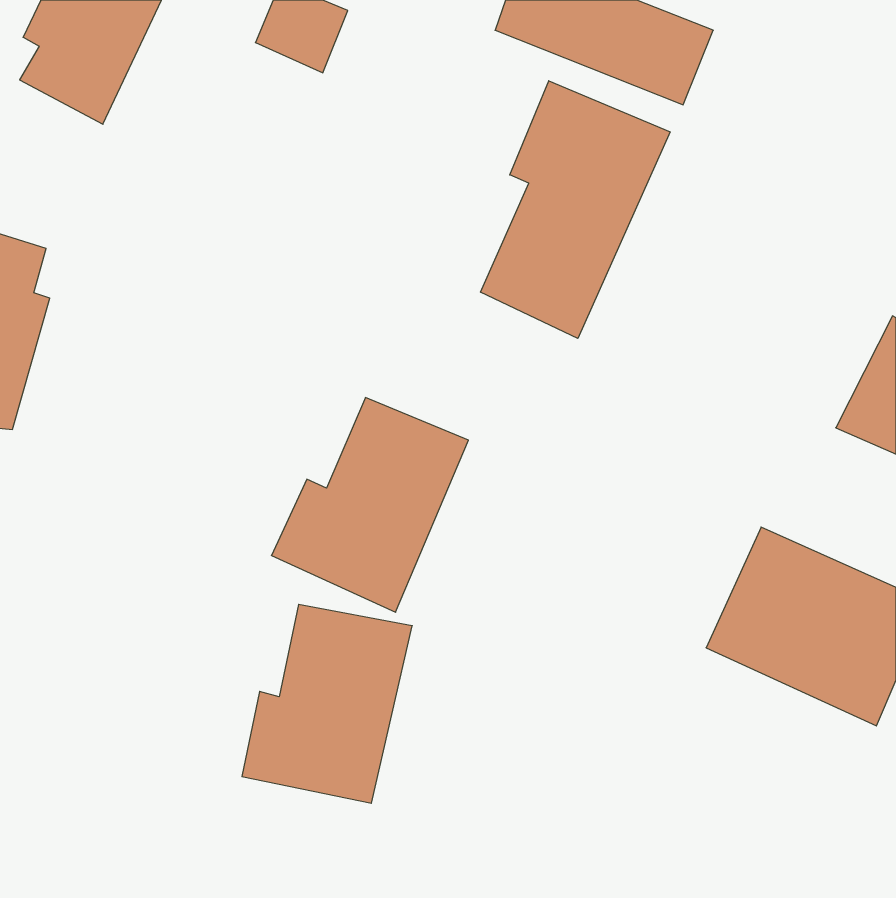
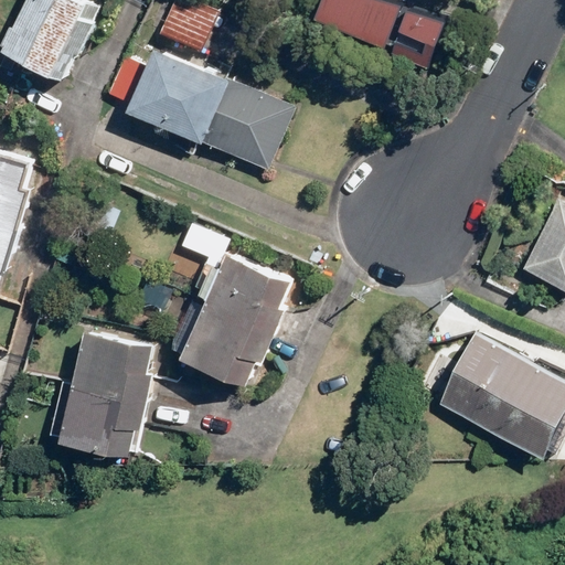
building: none -> [108,49,295,171]
building: [481,81,670,338] -> none
building: [242,604,412,803] -> [50,331,156,455]

